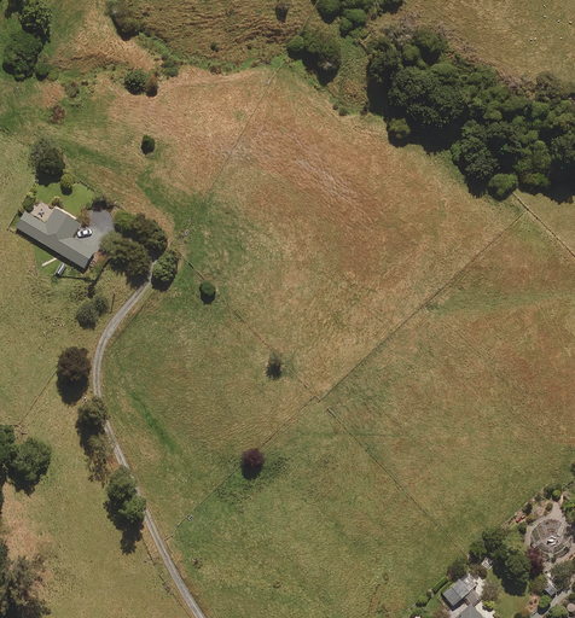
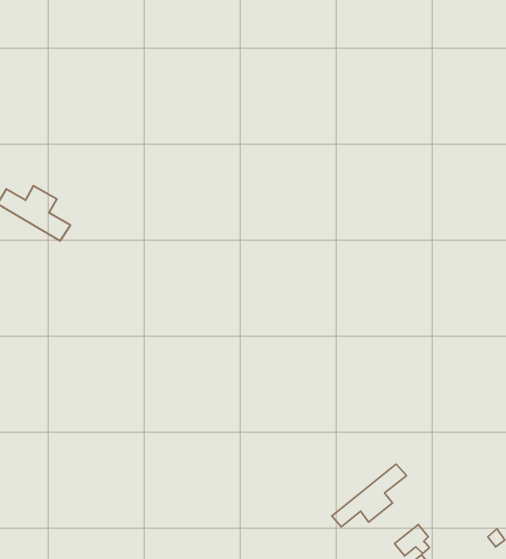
building: none -> [332,464,406,527]

